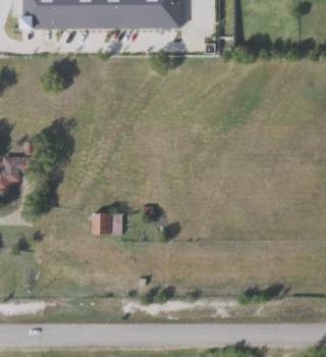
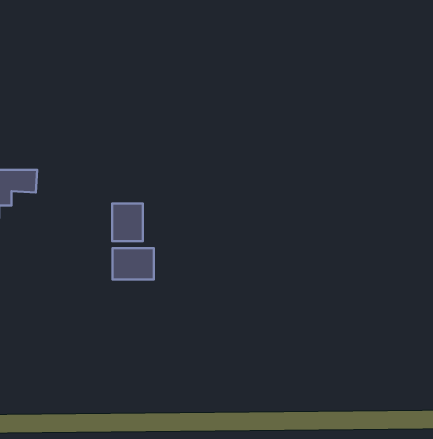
building: none -> [112,204,143,241]

